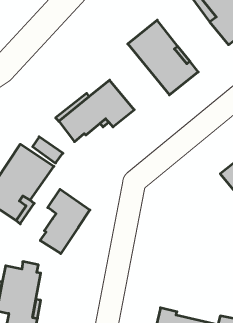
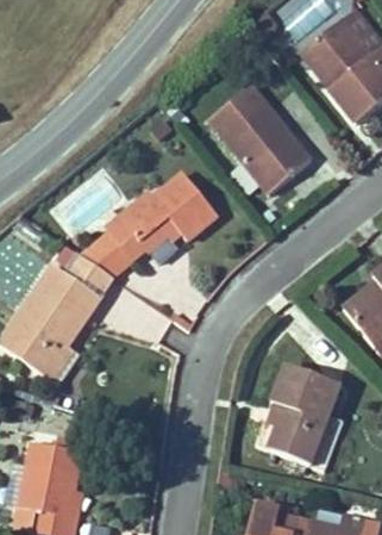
building: [40,189,90,254] -> none
building: none -> [256,363,344,469]

